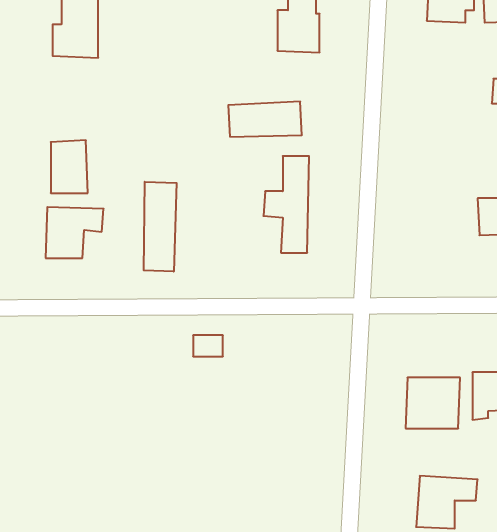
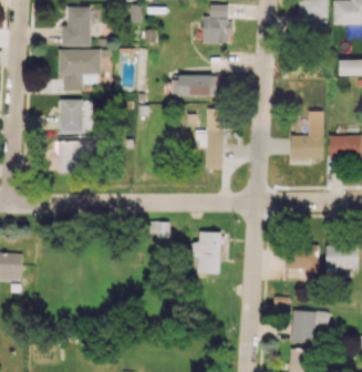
building: none -> [59,49,101,91]
building: none -> [291,111,323,158]
building: [144,182,177,272] -> none
building: none -> [193,231,221,273]

